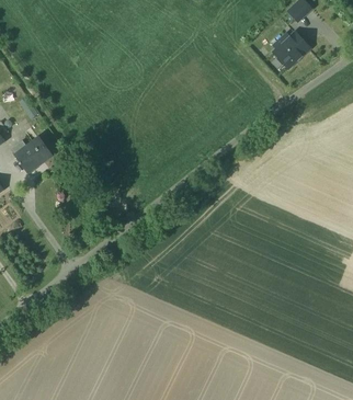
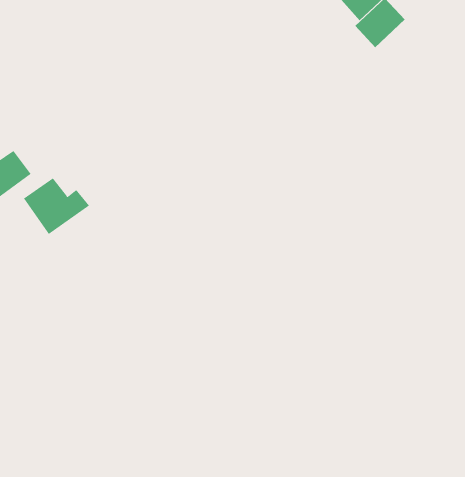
building: none -> [23,177,90,235]

